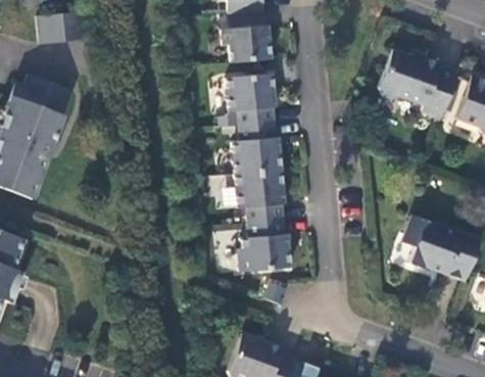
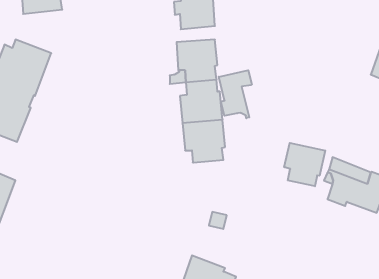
building: [377,48,458,121] -> none
building: none -> [219,70,252,118]
building: none -> [284,143,325,186]
building: [235,220,288,272] -> none

